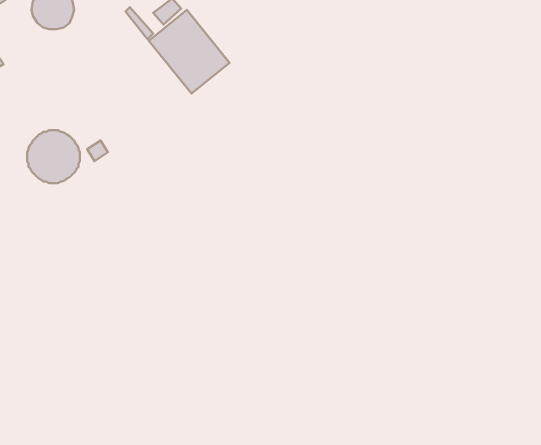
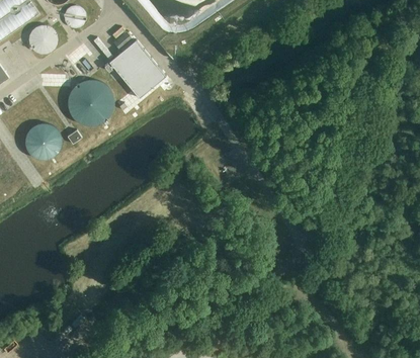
building: none -> [67,80,113,127]

